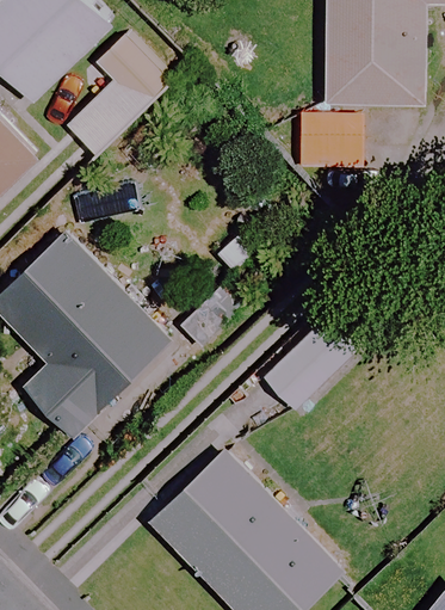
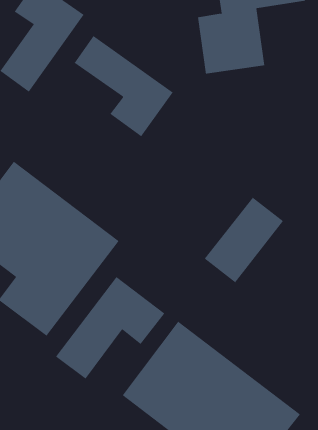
building: none -> [74,35,174,137]
building: none -> [55,276,165,379]

